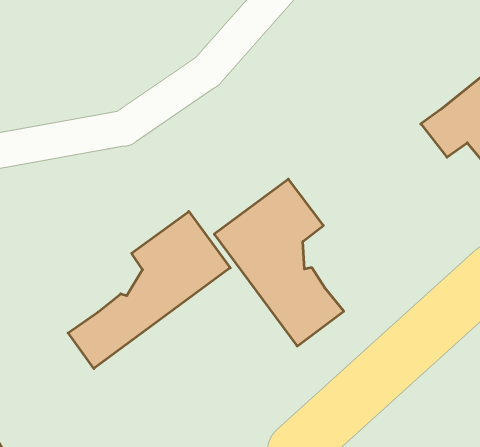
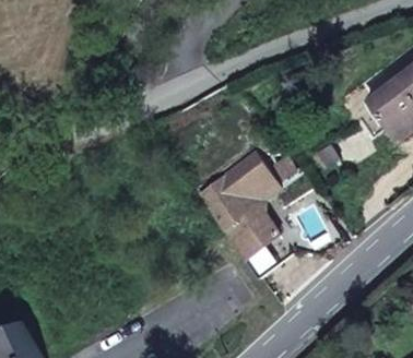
building: [68,211,230,369] -> none

